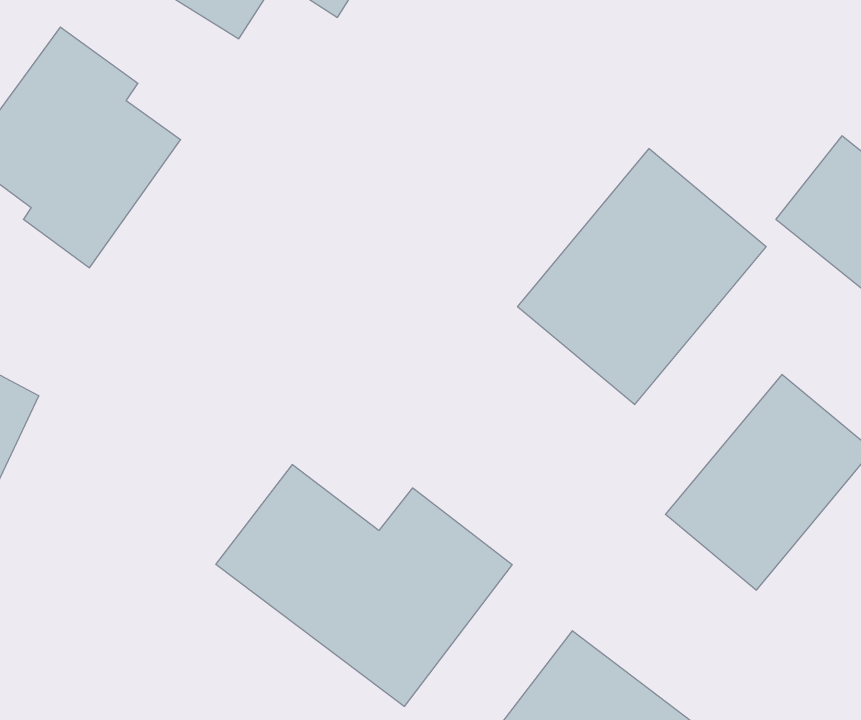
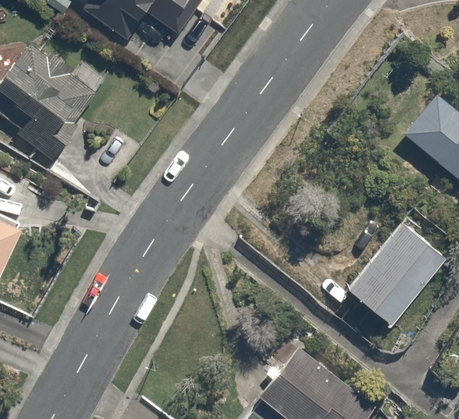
building: [518,149,766,405] -> none
building: [216,465,512,706] -> none

